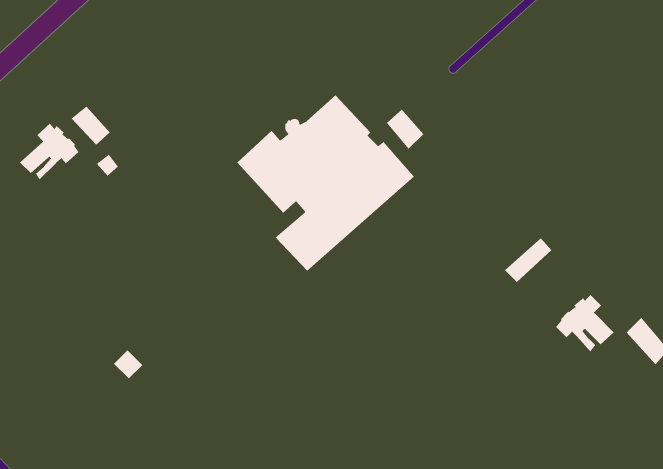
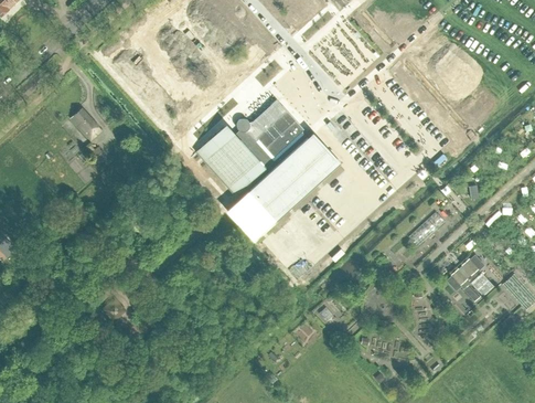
building: [386,109,424,149] -> none
building: [19,123,79,180] -> none

